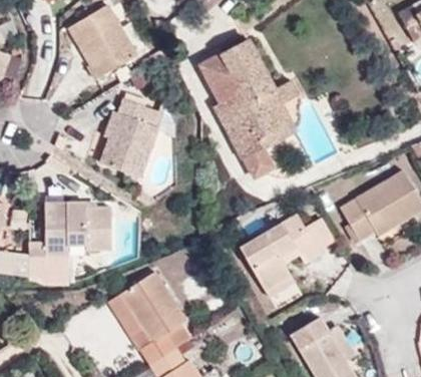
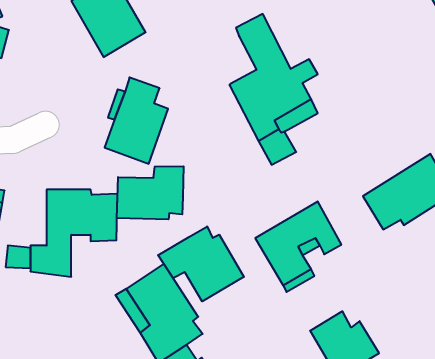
building: [201,60,241,104] -> none
building: none -> [117,166,184,219]
building: none -> [158,226,244,301]

